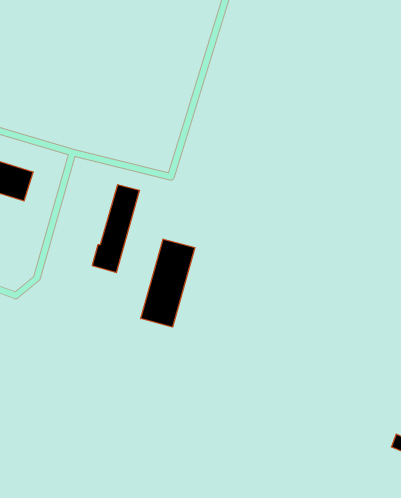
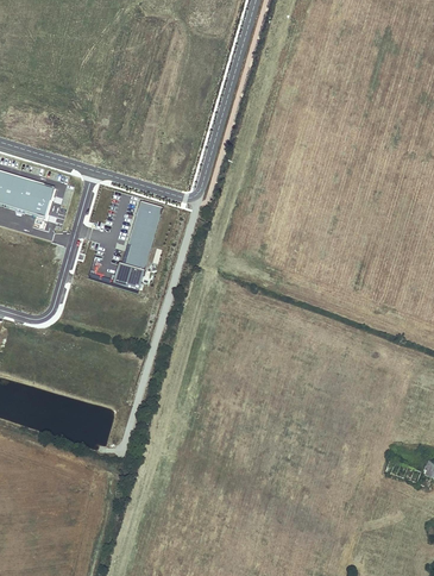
building: [141,239,195,327] -> none

